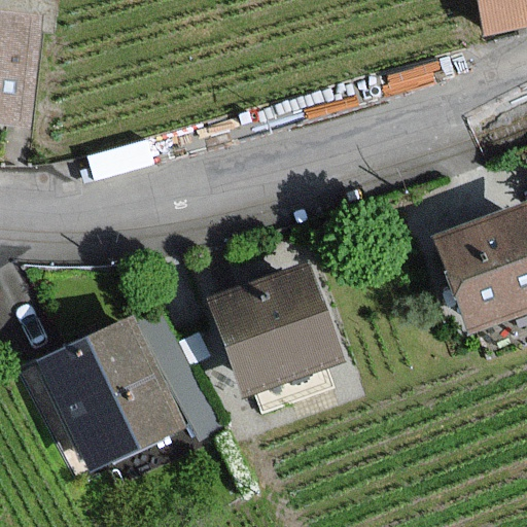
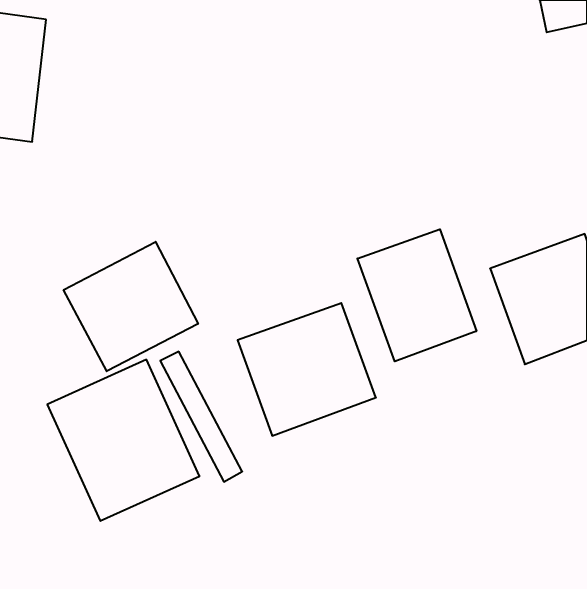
building: none -> [357,229,476,361]
building: none -> [64,242,198,371]

